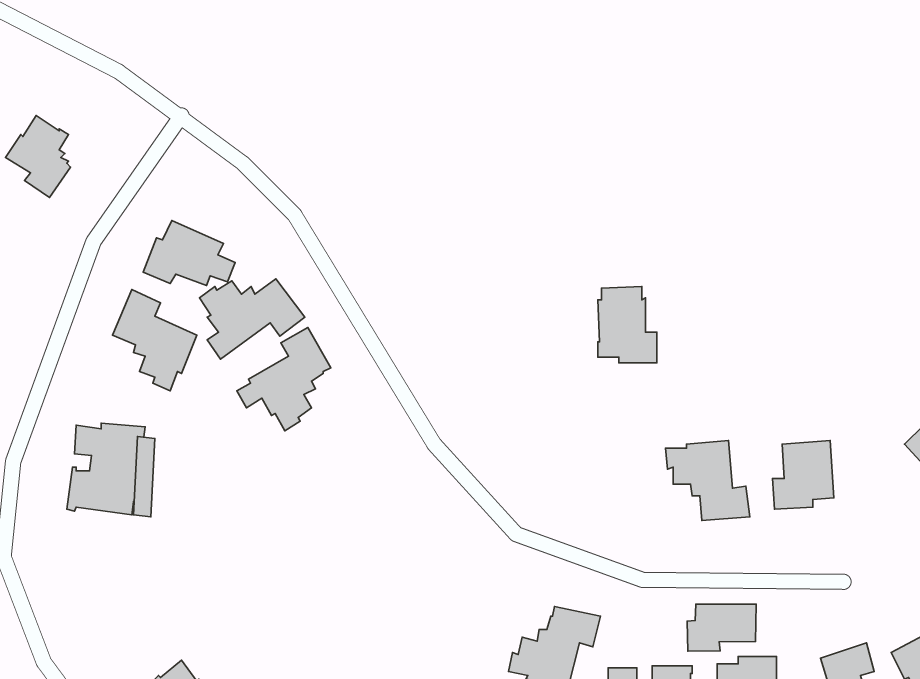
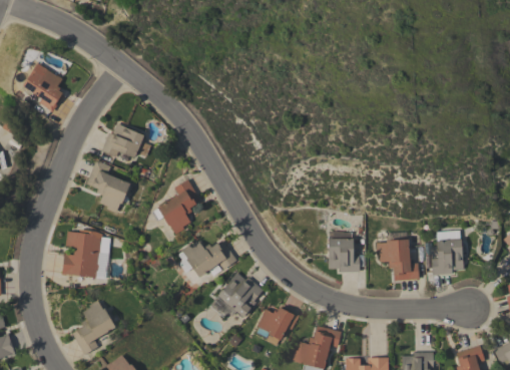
building: [199,279,305,359] -> [181,240,236,282]
building: [598,286,657,363] -> [328,232,359,272]
building: none -> [213,273,263,318]
building: none -> [72,300,115,354]
building: none -> [257,306,299,345]
building: [687,604,756,651] -> none

